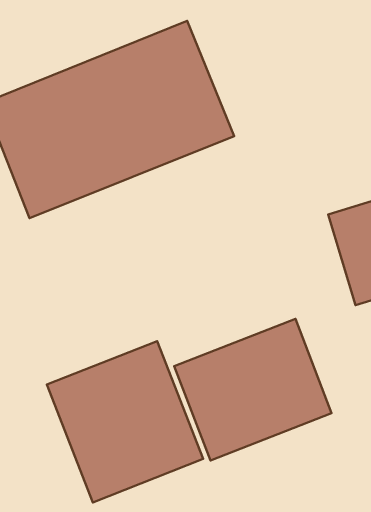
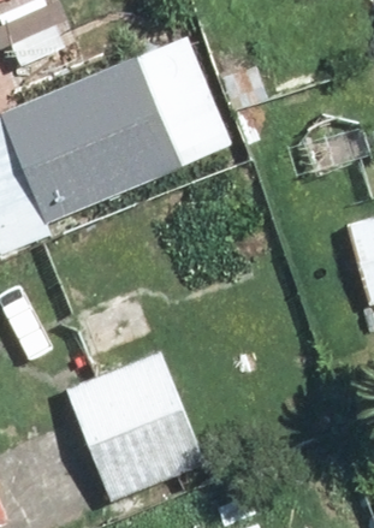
building: [174,319,332,460] -> none

